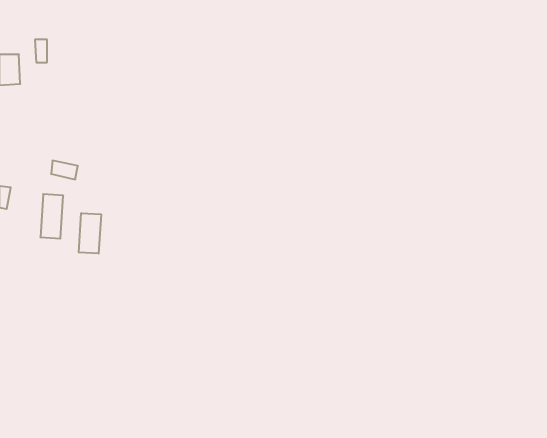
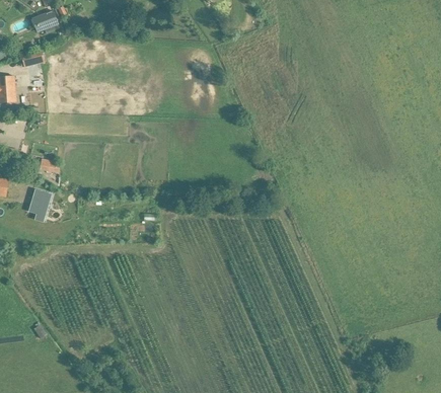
building: [79,213,101,254] -> none

